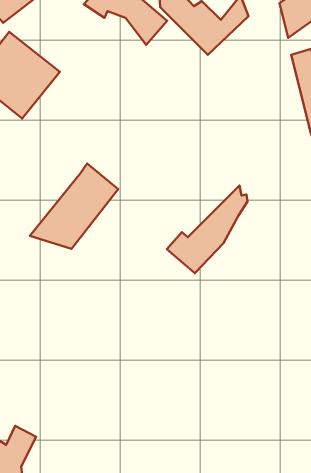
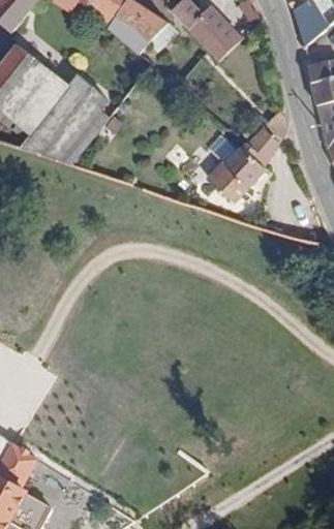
building: [30,163,118,249] -> [11,70,103,159]
building: [167,186,247,273] -> [207,110,291,200]

